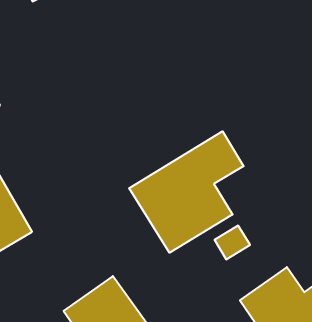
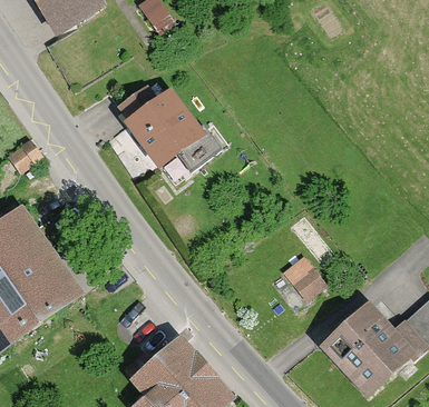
building: none -> [113,82,208,170]
building: [129,131,244,253] -> none

